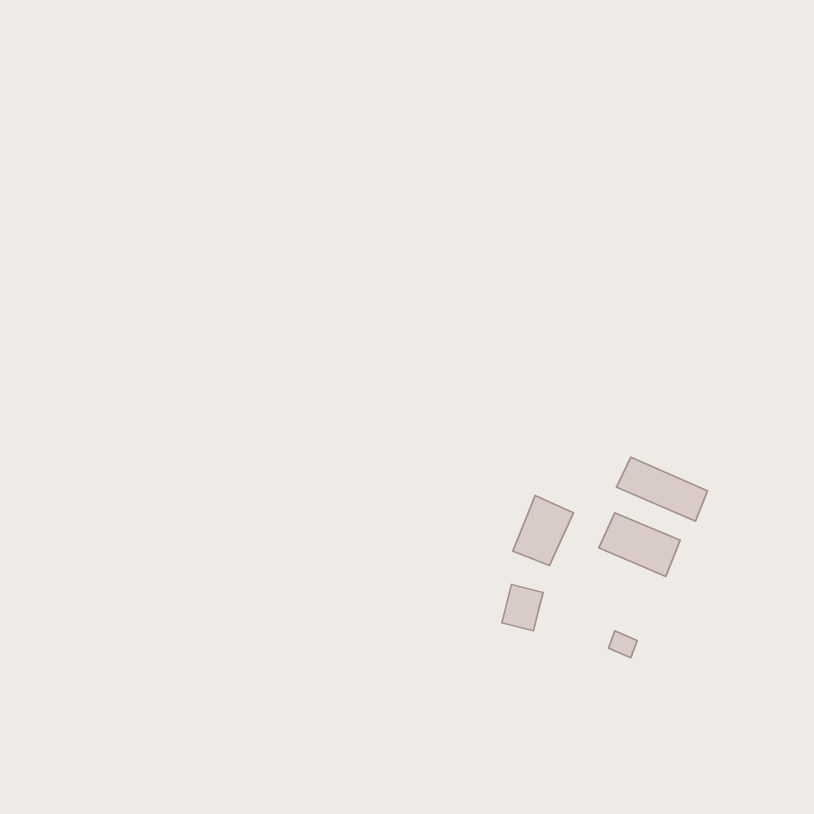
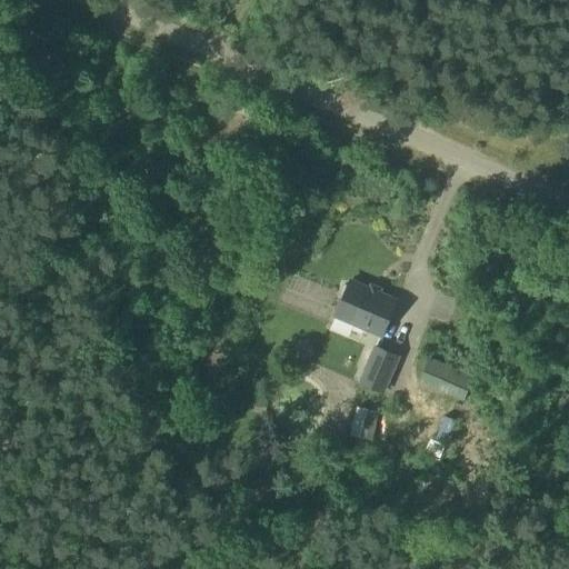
building: none -> [335,281,395,336]
building: [616,457,707,521] -> none

